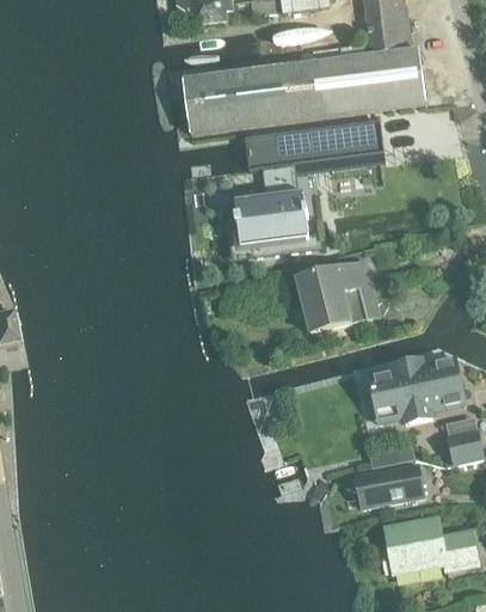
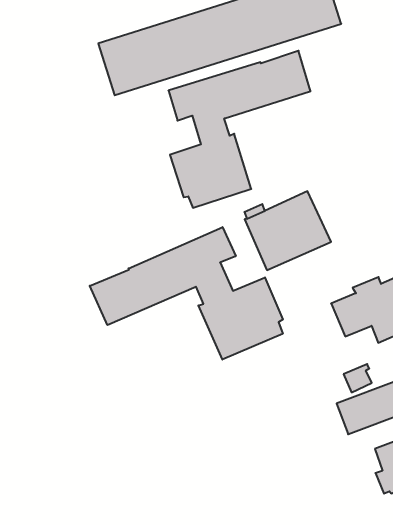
building: none -> [90,227,283,360]

